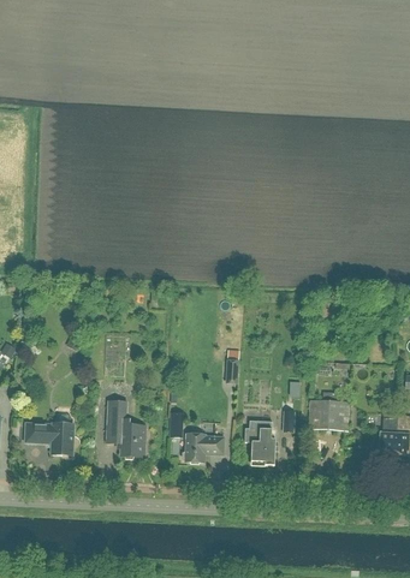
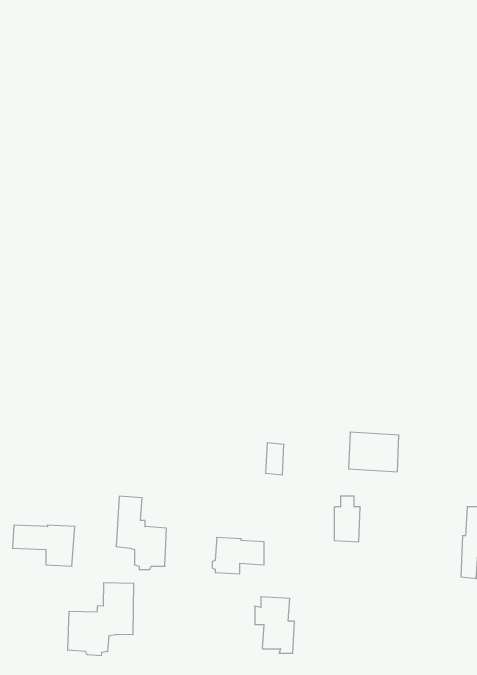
building: [308,399,347,430] -> [349,432,399,472]
building: [244,419,275,464] -> [255,597,294,653]
building: none -> [68,583,134,656]

